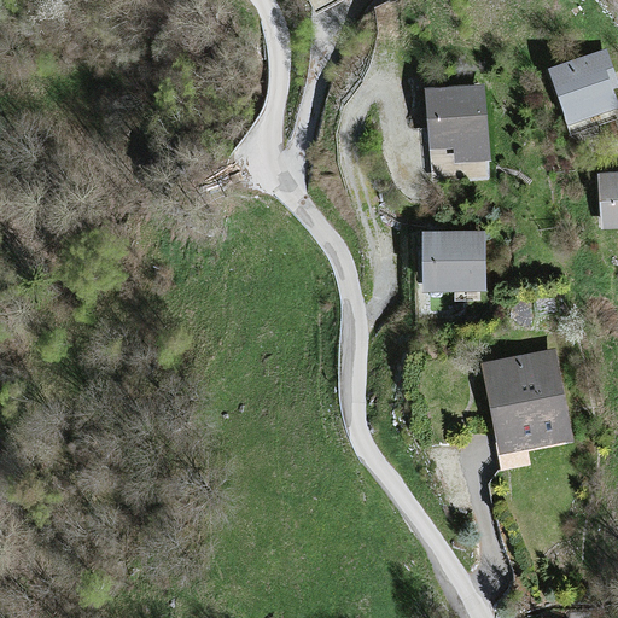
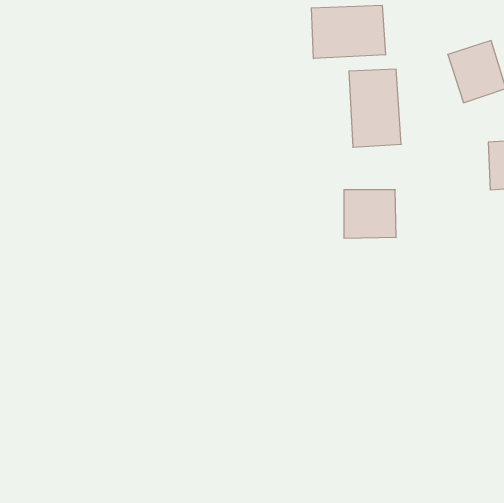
building: none -> [311,5,385,59]
building: [483,349,572,451] -> none

